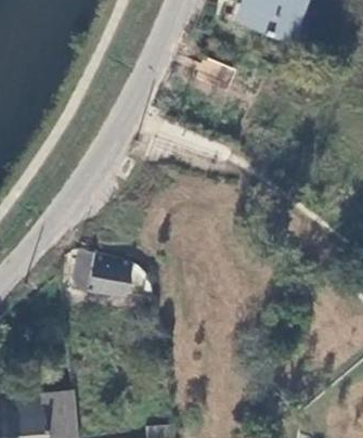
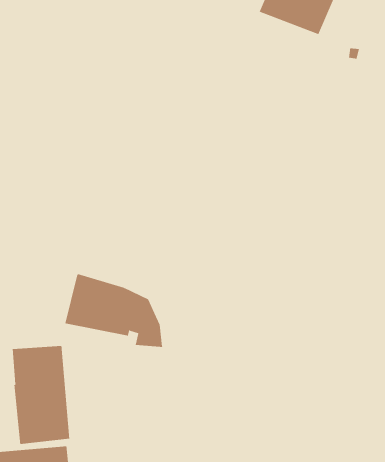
building: none -> [12,345,70,445]

